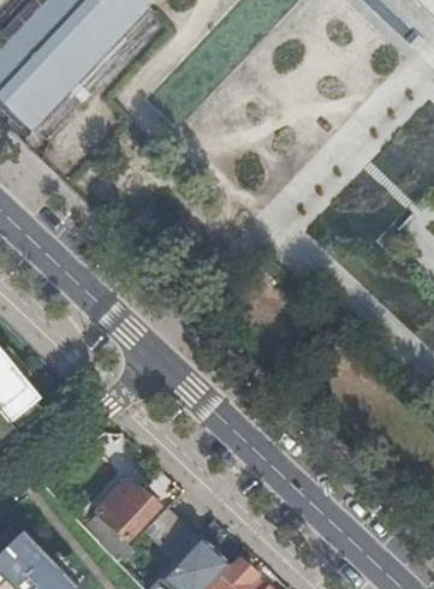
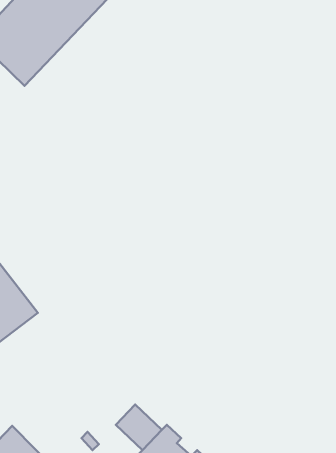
building: [93,478,151,539] -> none

